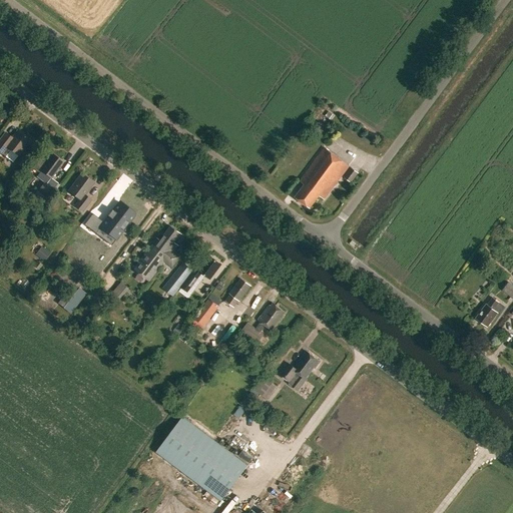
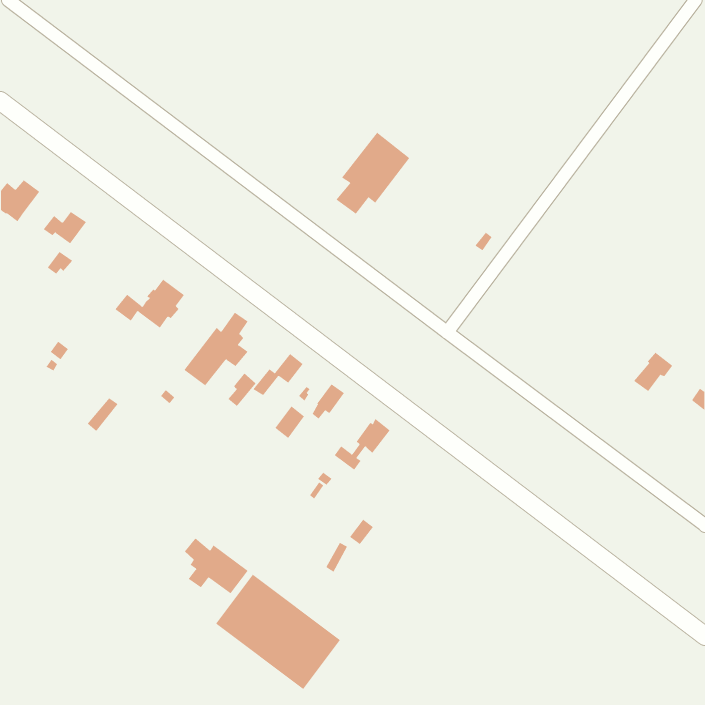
building: [295,147,349,207] -> [336,132,410,215]
building: [67,173,93,211] -> none
building: [476,297,505,326] -> [633,352,673,392]
building: [279,352,319,391] -> none
building: none -> [184,537,249,594]

